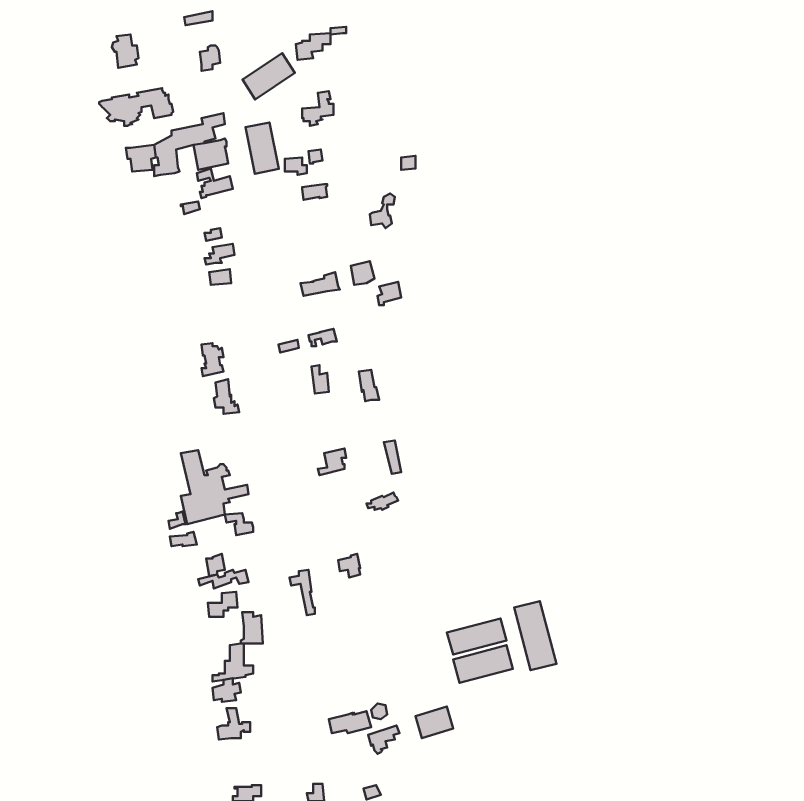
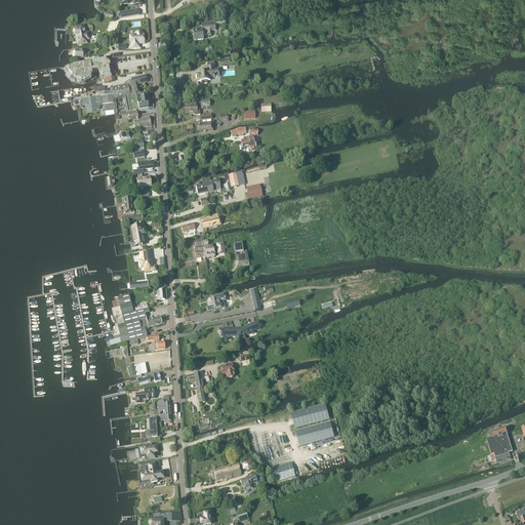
building: [242,53,295,99] -> none
building: [245,123,279,174] -> none
building: [514,601,556,670] -> none
building: none -> [487,426,513,462]

